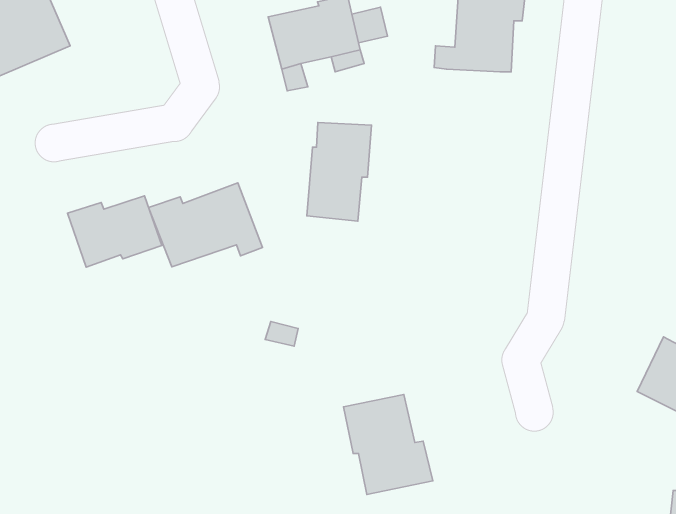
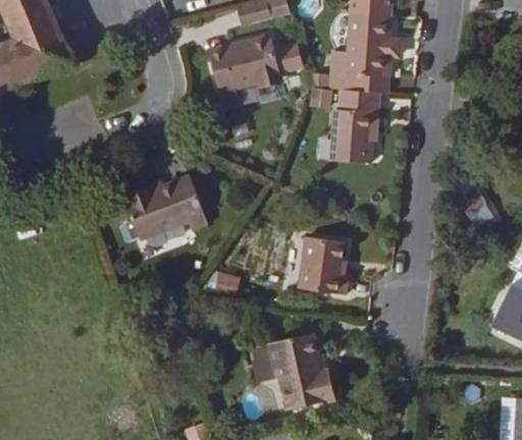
building: [307,122,371,221] -> [334,90,382,163]
building: [68,196,162,267] -> none
building: none -> [301,231,350,288]

